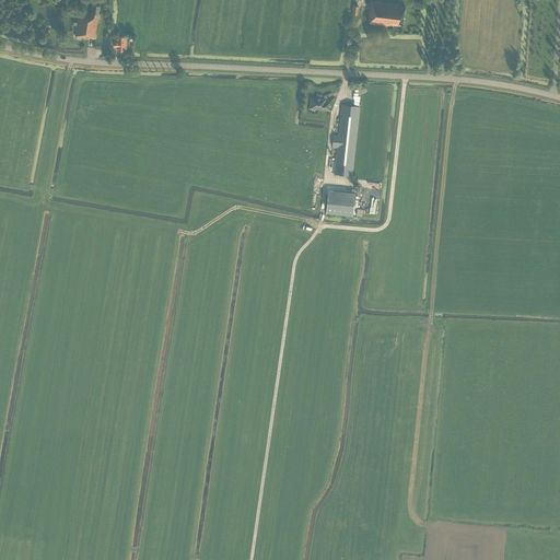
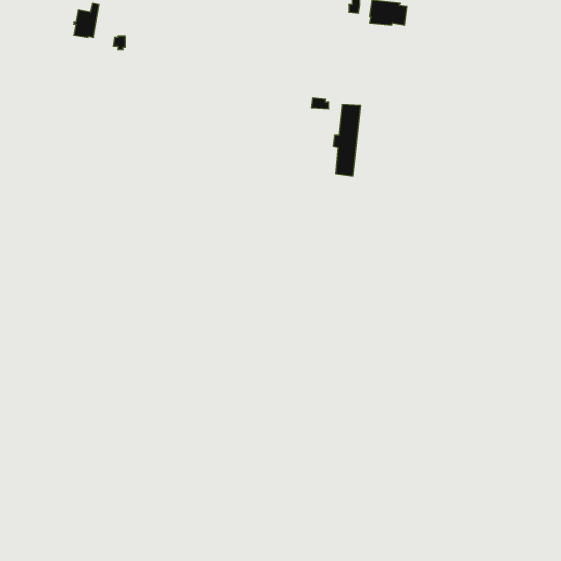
building: [325,189,353,214] -> none

